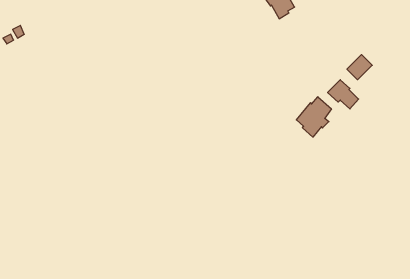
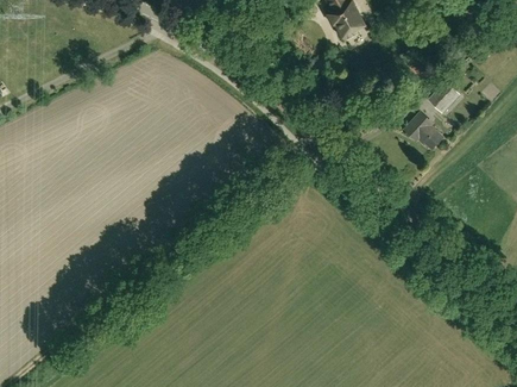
building: [296,97,331,137] -> none

